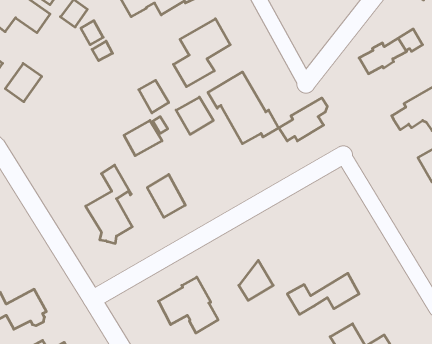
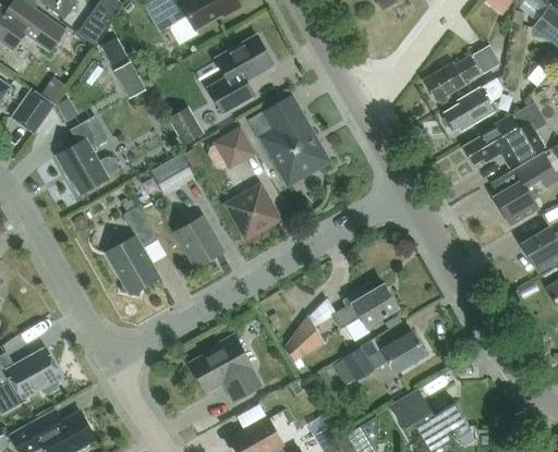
building: none -> [57,115,118,193]
building: [279,98,327,141] -> [444,78,500,129]
building: none -> [227,184,280,237]
building: none -> [335,283,398,339]

